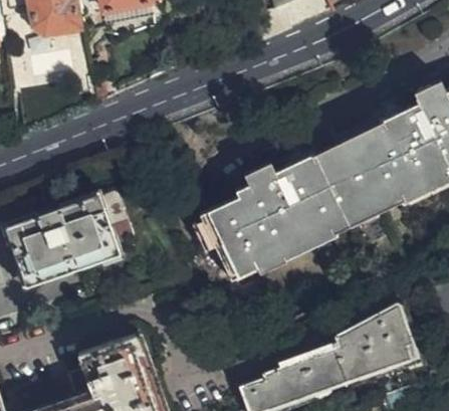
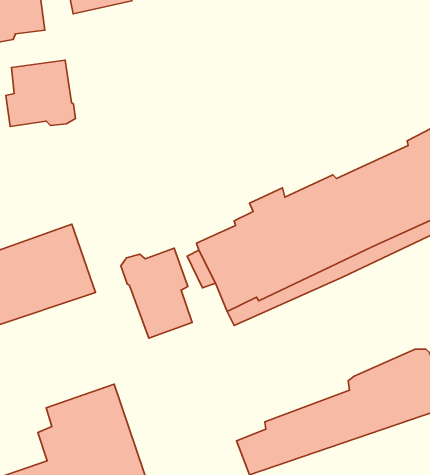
building: none -> [6,60,75,126]
building: none -> [121,248,192,338]

